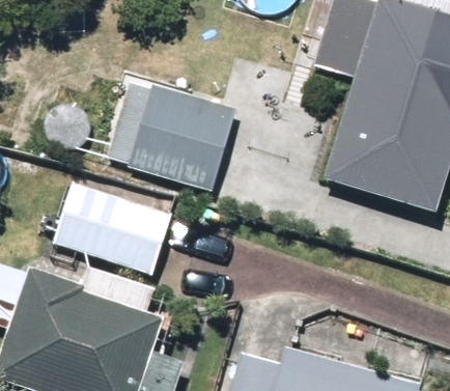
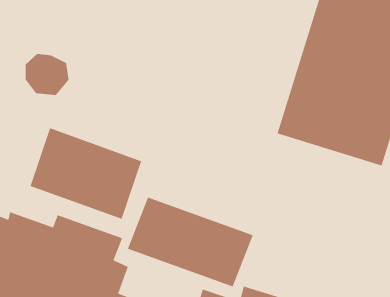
building: [107,81,234,189] -> none
building: none -> [127,196,254,288]

